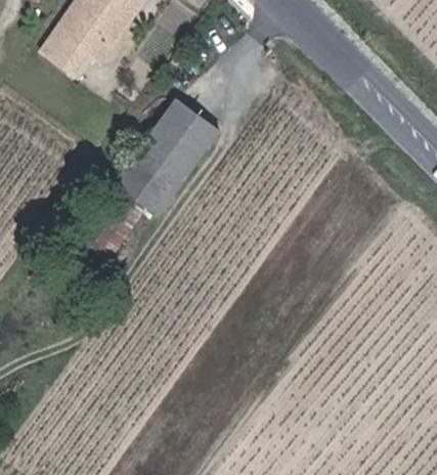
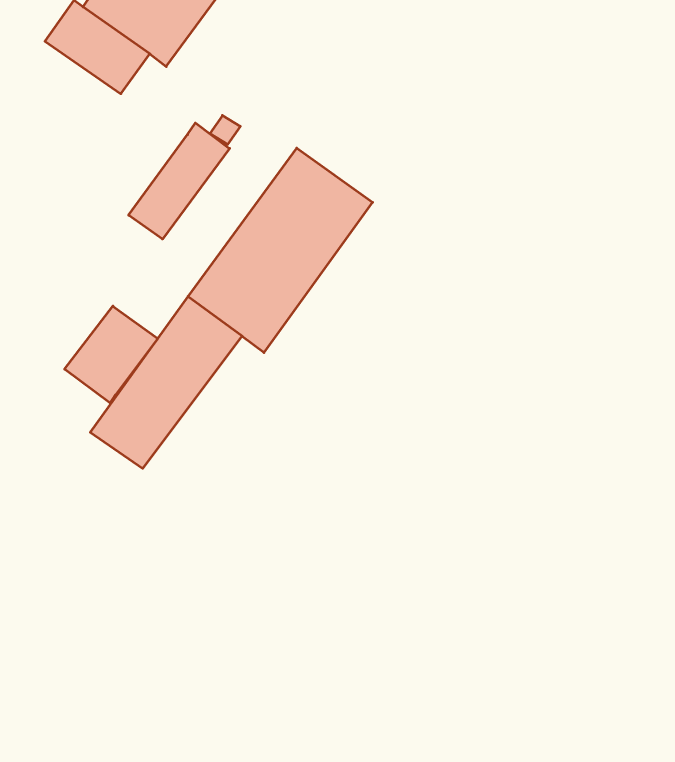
building: none -> [129,123,230,239]
building: none -> [65,306,158,403]

